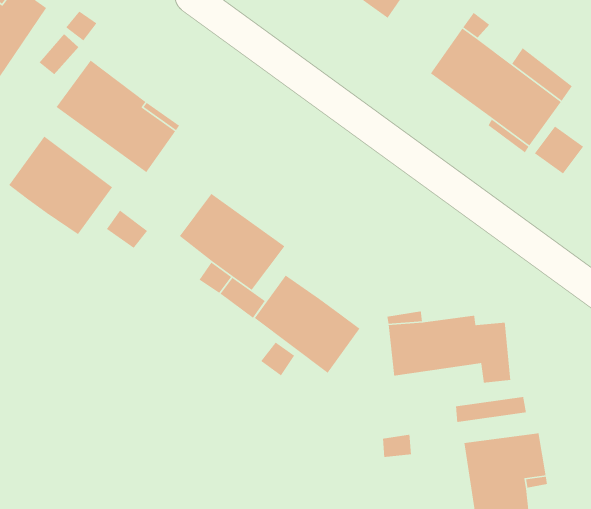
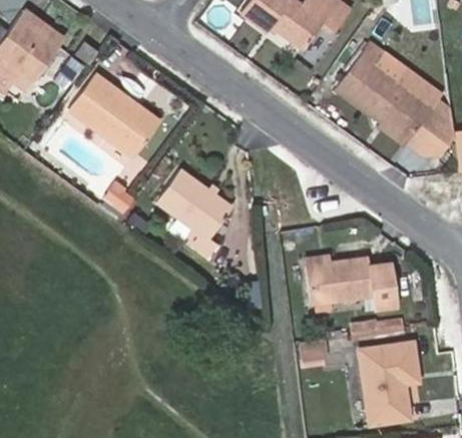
building: [8,135,113,235] -> none
building: [254,275,360,374] -> none

